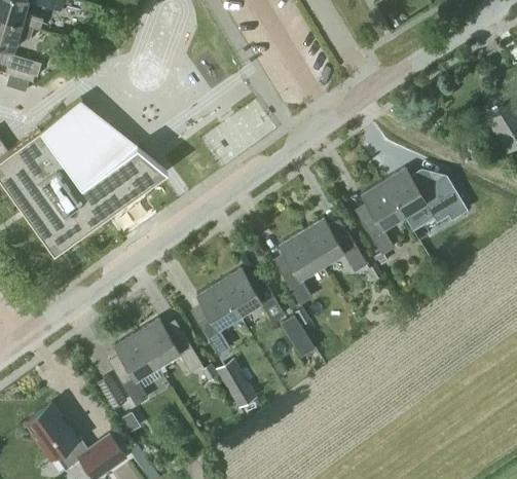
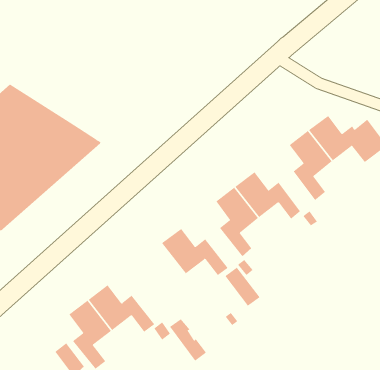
building: [197,283,241,357] -> none

